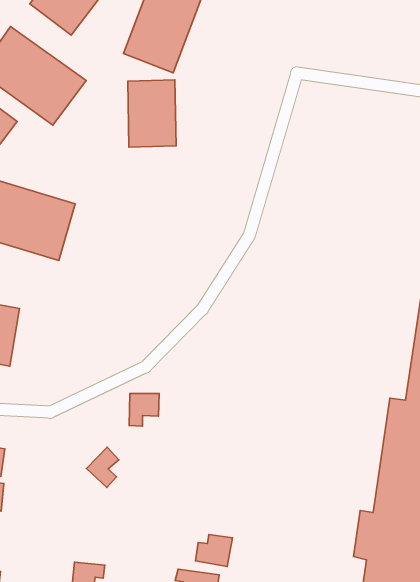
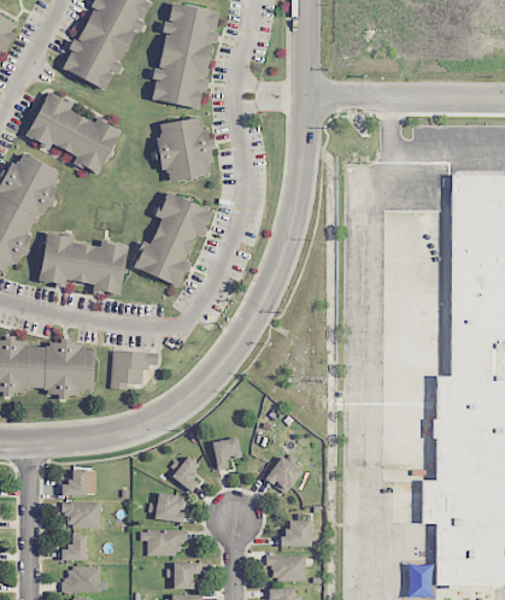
building: none -> [134,193,213,288]
building: none -> [111,349,151,389]
building: [129,393,159,426] -> [213,437,242,470]
building: none -> [265,455,303,494]
building: none -> [155,493,187,522]
building: none -> [140,530,187,554]

